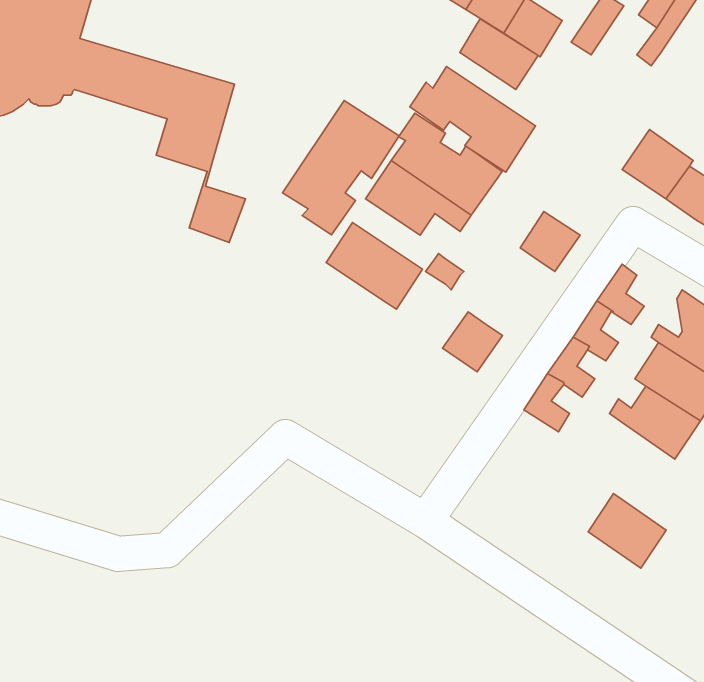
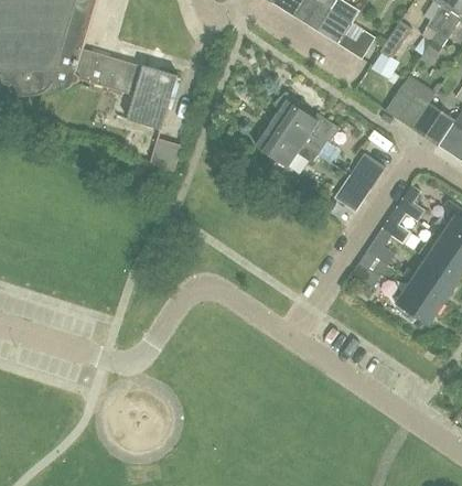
building: [460,19,538,90] -> none
building: [410,66,535,172] -> none
building: none -> [386,75,436,127]
building: [283,101,399,235] -> none
building: [326,222,423,309] -> none
building: [443,312,503,372] -> [334,174,370,210]
building: [588,494,666,568] -> [396,280,443,325]

